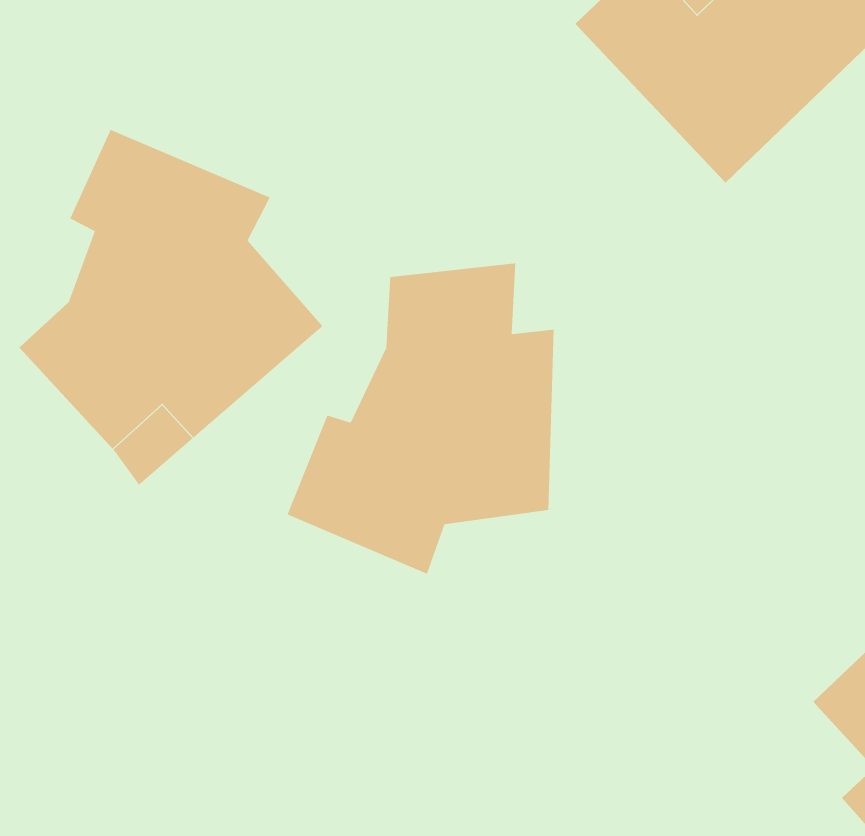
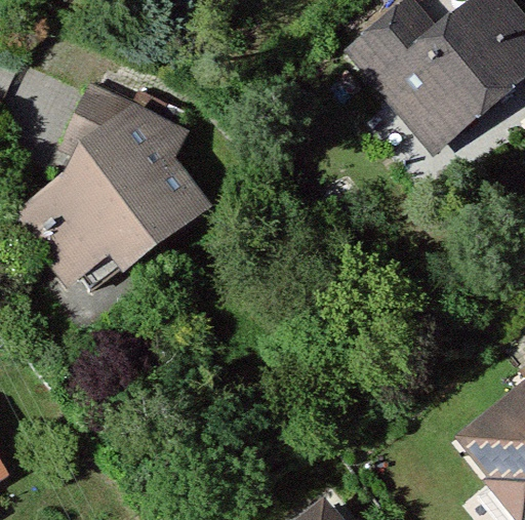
building: [286,262,555,575] -> none

